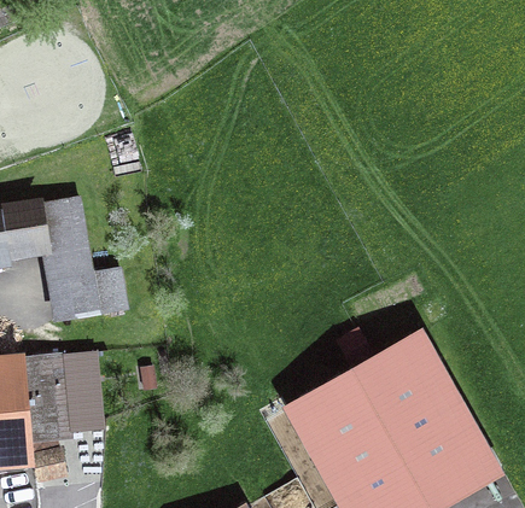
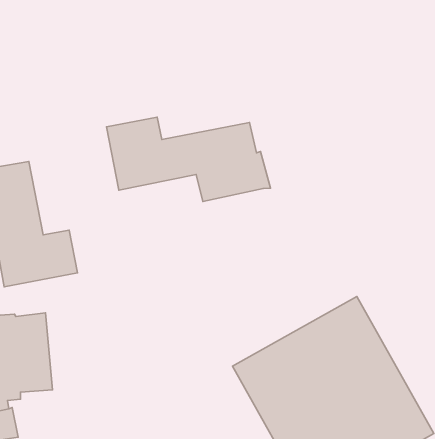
building: none -> [106,117,271,201]

